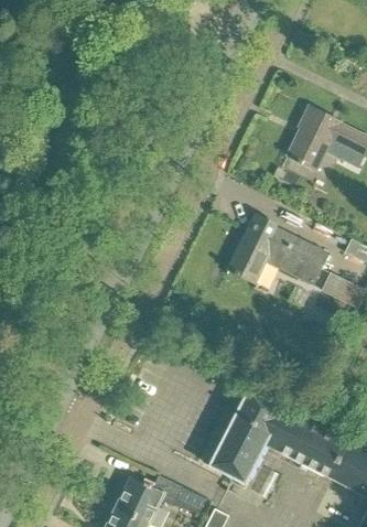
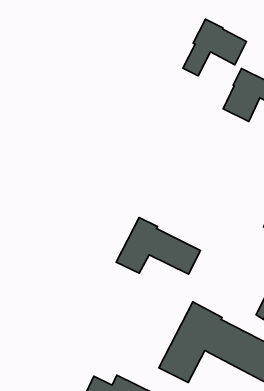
building: none -> [183,19,247,76]
building: [227,215,328,283] -> [116,217,201,274]

